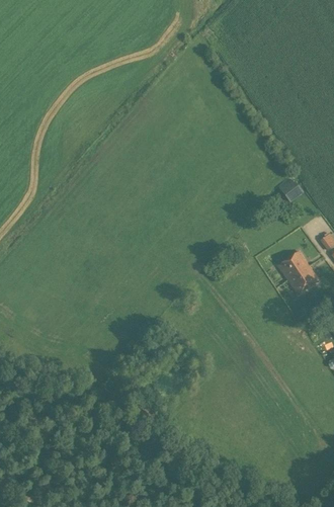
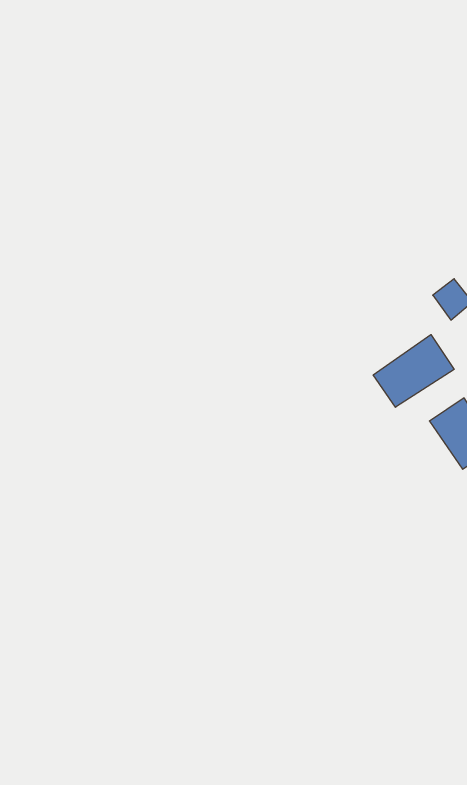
building: none -> [373,335,454,407]

